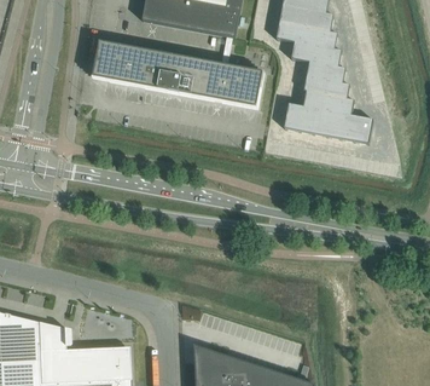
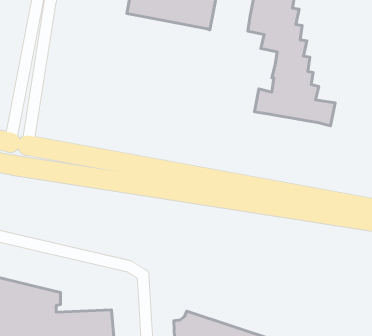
building: [93,35,262,106] -> none

